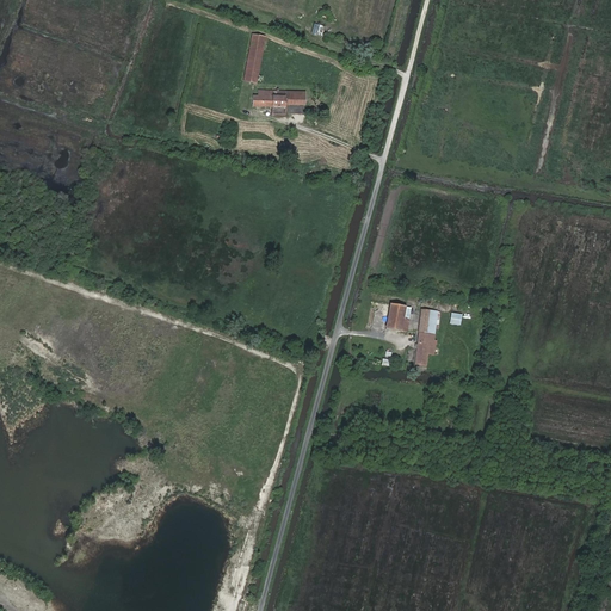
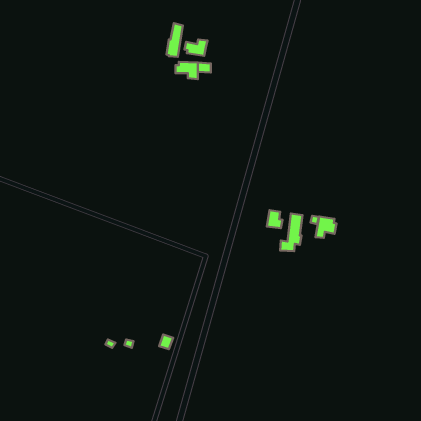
building: none -> [185,39,207,56]
building: none -> [316,217,336,238]

